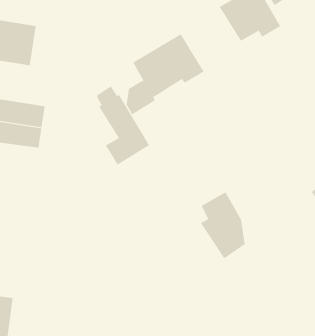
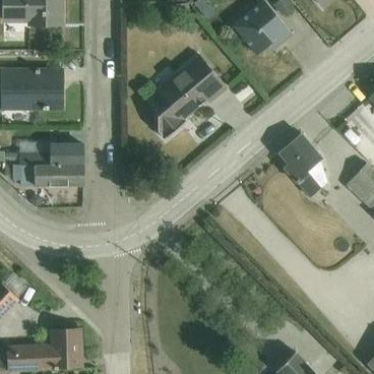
building: [96,86,150,166] -> none
building: [200,191,246,259] -> [279,134,327,198]

